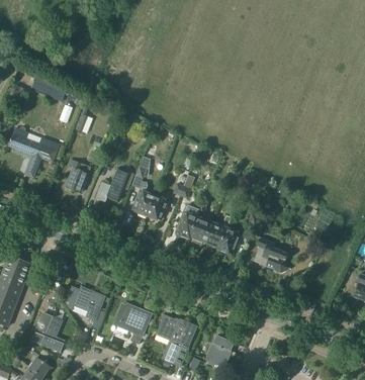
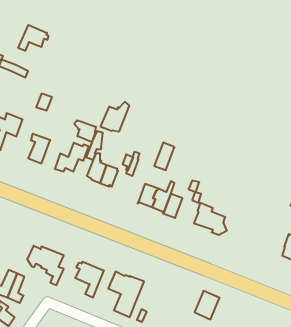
building: none -> [18,25,48,51]
building: none -> [101,102,129,132]
building: none -> [74,120,96,142]
building: [177,207,200,239] -> [154,142,175,170]
building: [206,336,235,368] -> [195,291,220,319]

